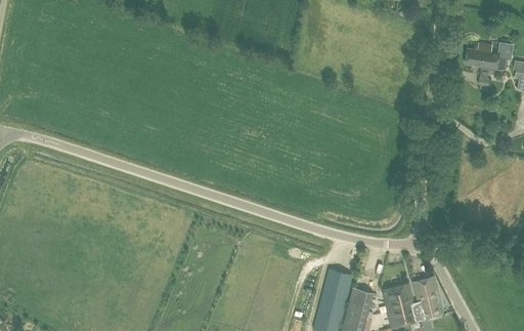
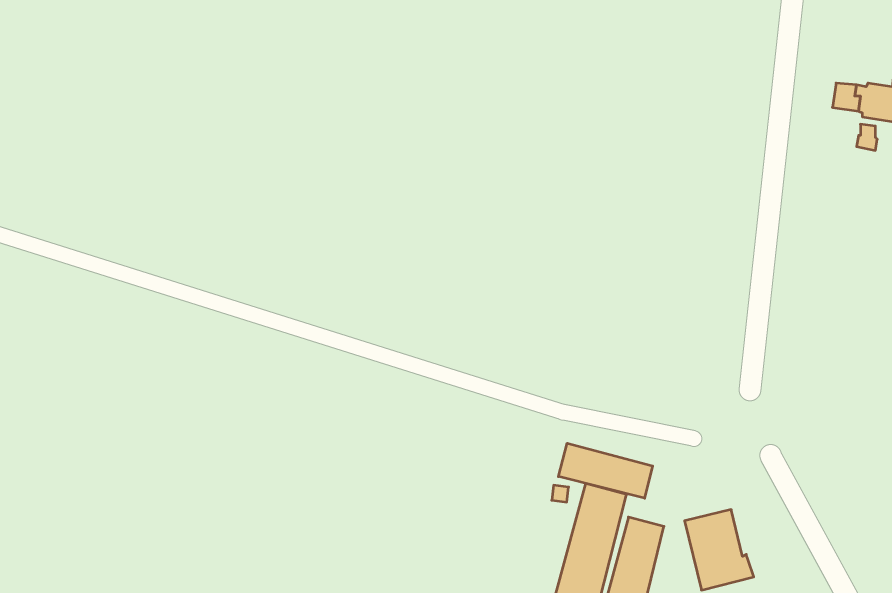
building: none -> [558,443,653,498]
building: [412,276,443,320] -> none

